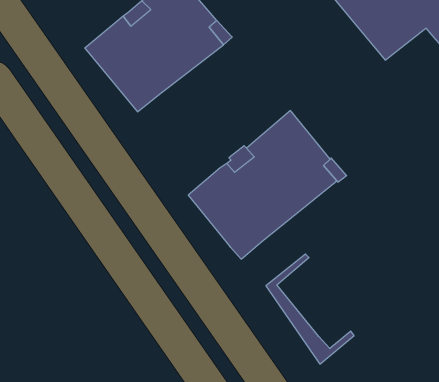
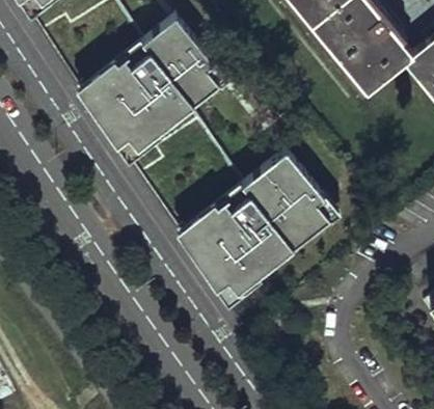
building: none -> [79,58,161,162]
building: [266,254,354,364] -> [174,197,257,301]

